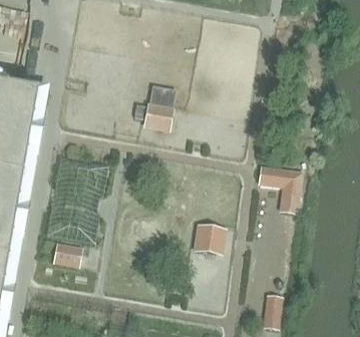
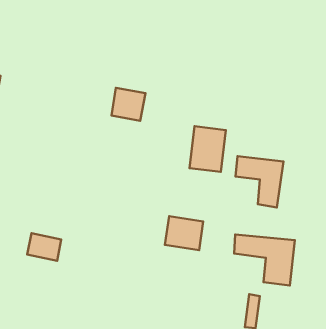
building: none -> [190,126,226,172]
building: none -> [234,234,295,285]

